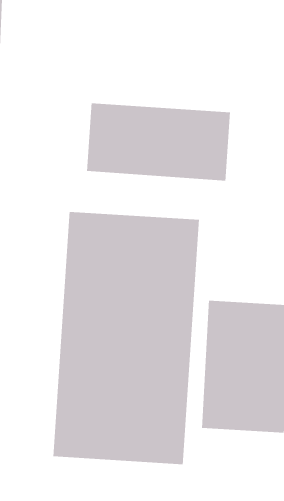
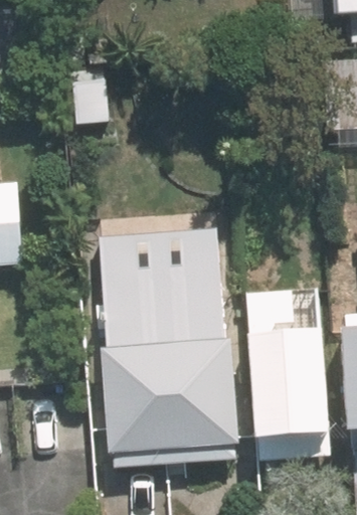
building: [86,103,231,182] -> none

